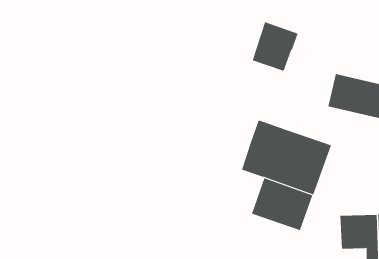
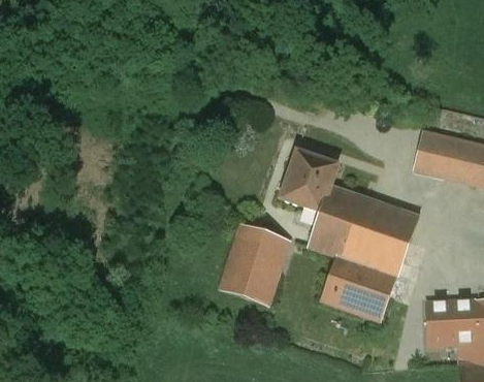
building: [252,22,299,71] -> [281,150,337,211]
building: none -> [220,222,290,304]

